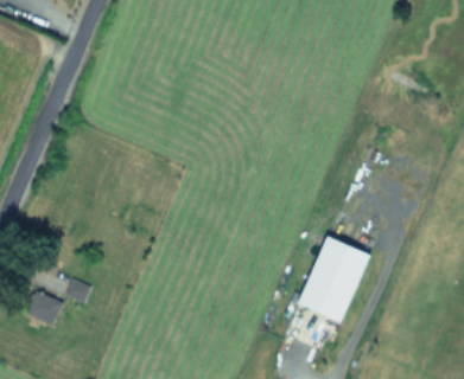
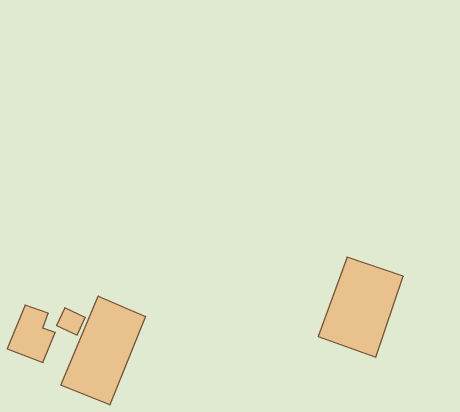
building: none -> [61,296,146,405]

